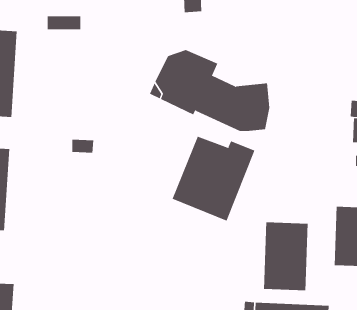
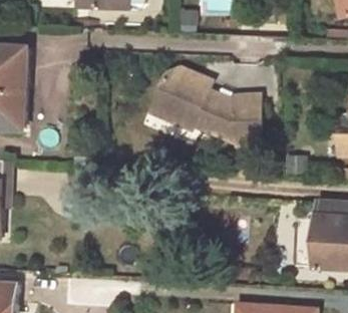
building: [172,136,255,222] -> none
building: [263,222,308,291] -> none

